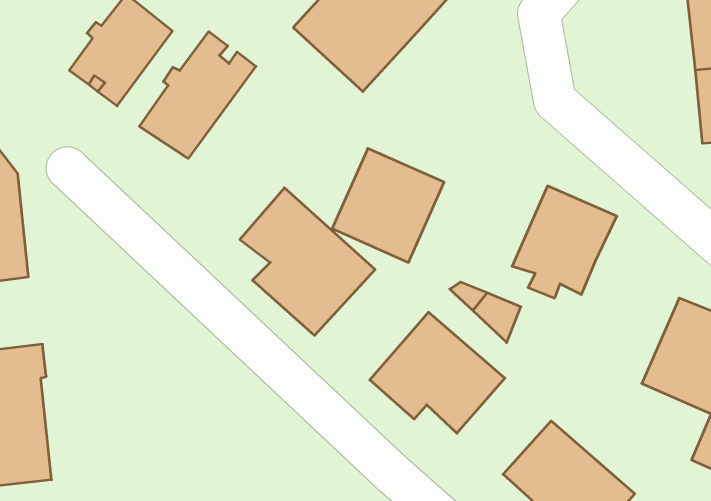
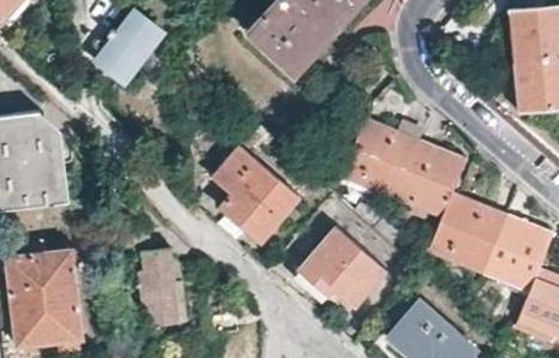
building: [139,32,256,158] -> none
building: [332,148,444,262] -> [341,119,417,196]
building: none -> [424,192,506,275]
building: none -> [115,229,186,324]

